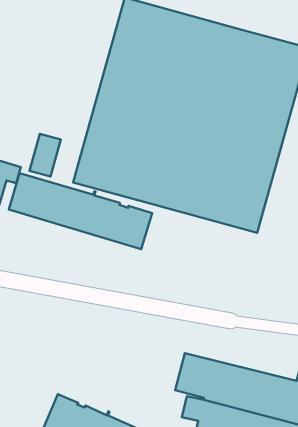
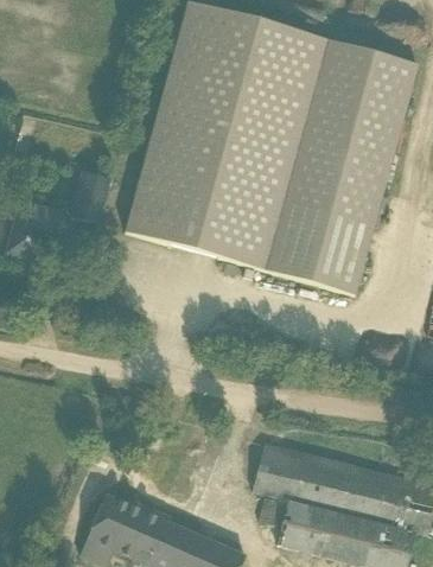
building: [9,173,152,249] -> none

